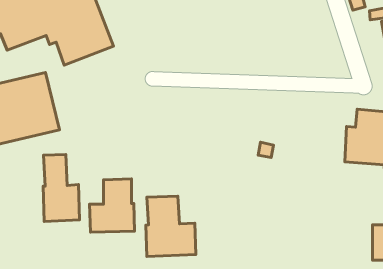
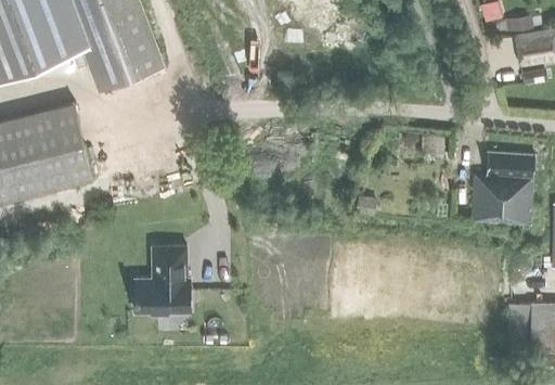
building: [43,154,79,221] -> none
building: [146,196,196,257] -> none

